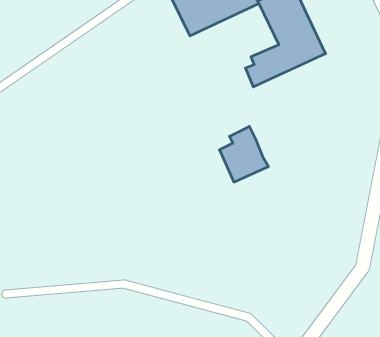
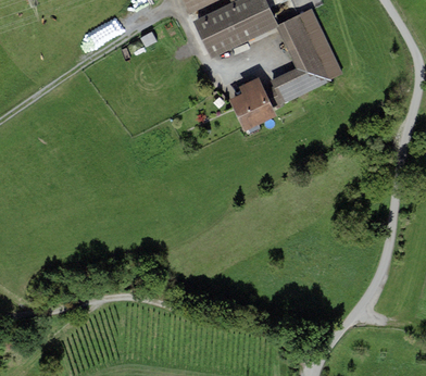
building: [219,126,268,182] -> [229,76,277,130]

